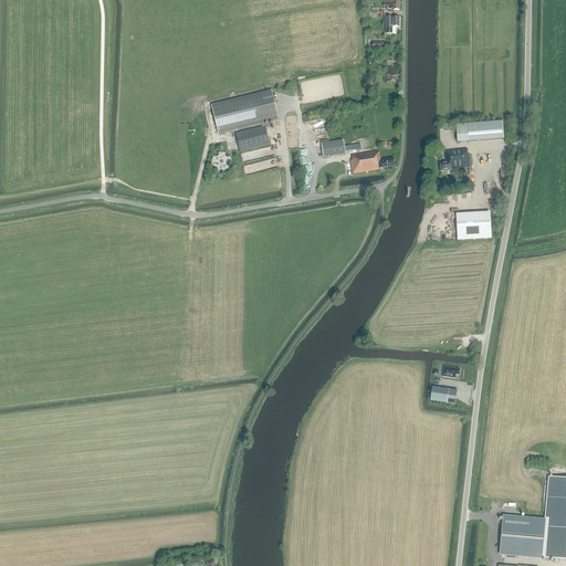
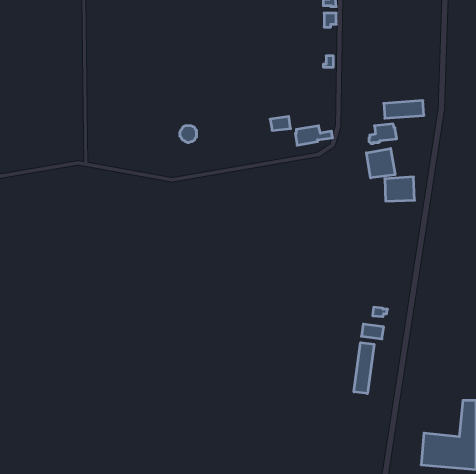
building: [211,88,279,149] -> none
building: none -> [366,148,395,178]
building: none -> [354,343,374,394]

